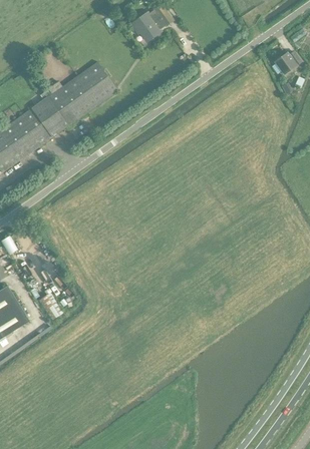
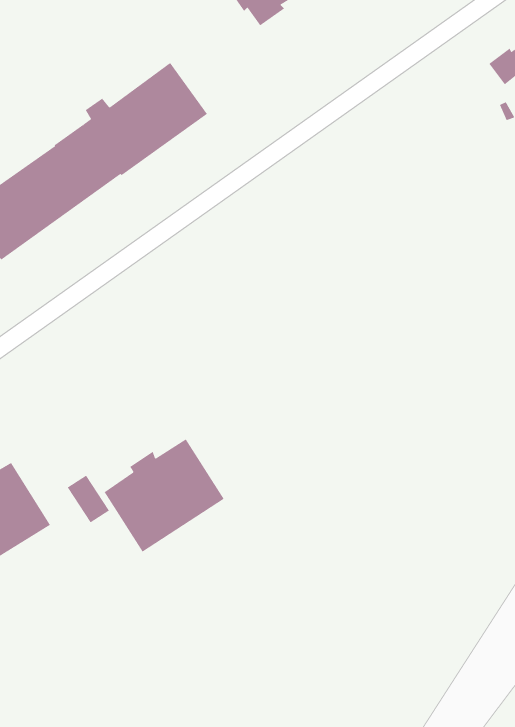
building: none -> [104,439,225,553]

